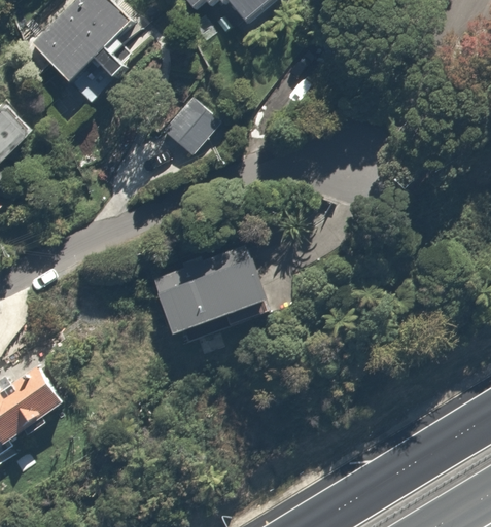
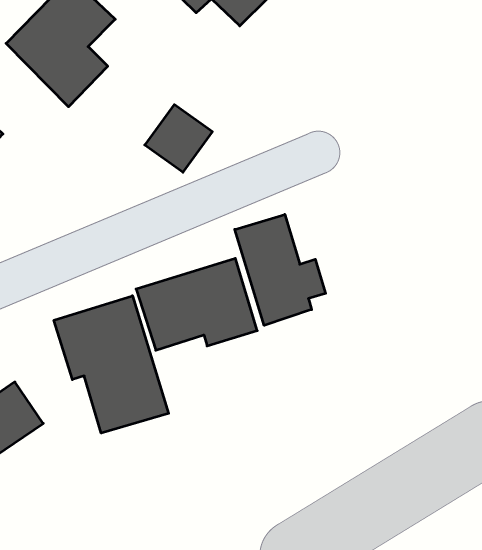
building: none -> [235,214,326,325]
building: none -> [54,296,169,433]

